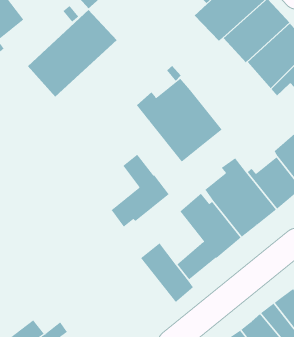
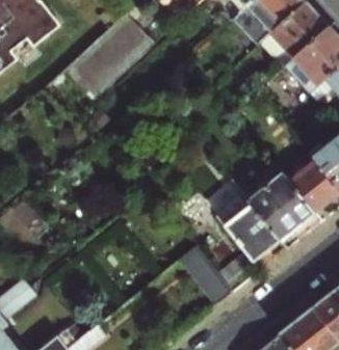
building: [136,78,222,163] -> none
building: [111,154,169,228] -> none

